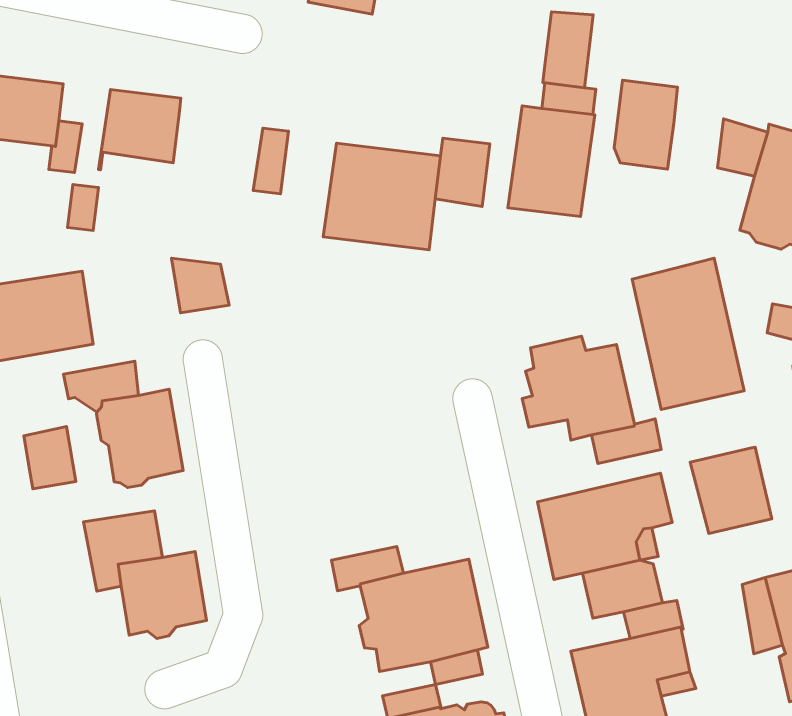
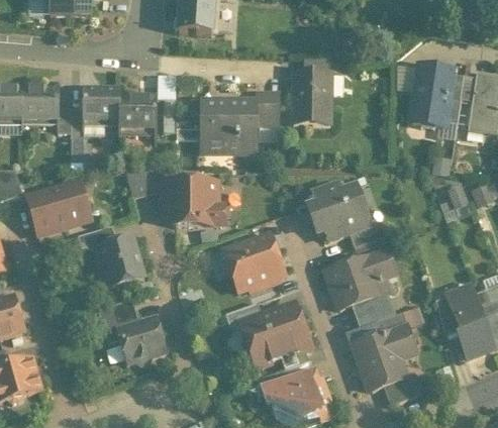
building: [543,12,593,88] -> none
building: [614,80,677,169] -> none
building: none -> [119,93,157,142]
building: [632,258,744,409] -> none
building: none -> [164,182,225,225]
building: none -> [224,233,285,292]
building: [24,427,76,489] -> none
building: [690,447,772,534] -> none

